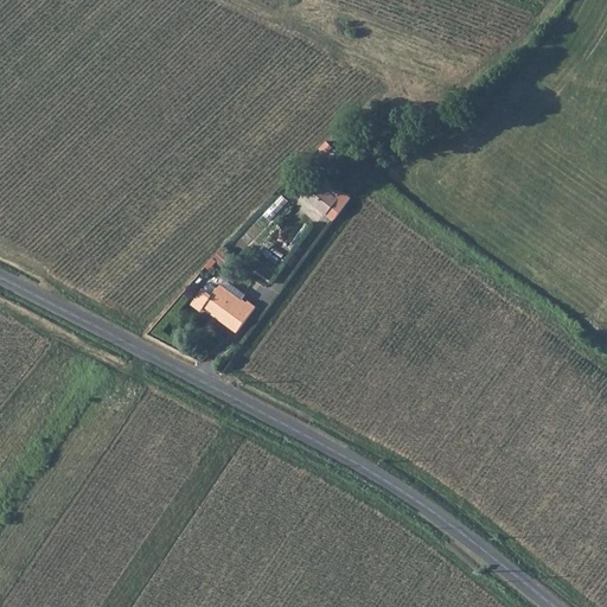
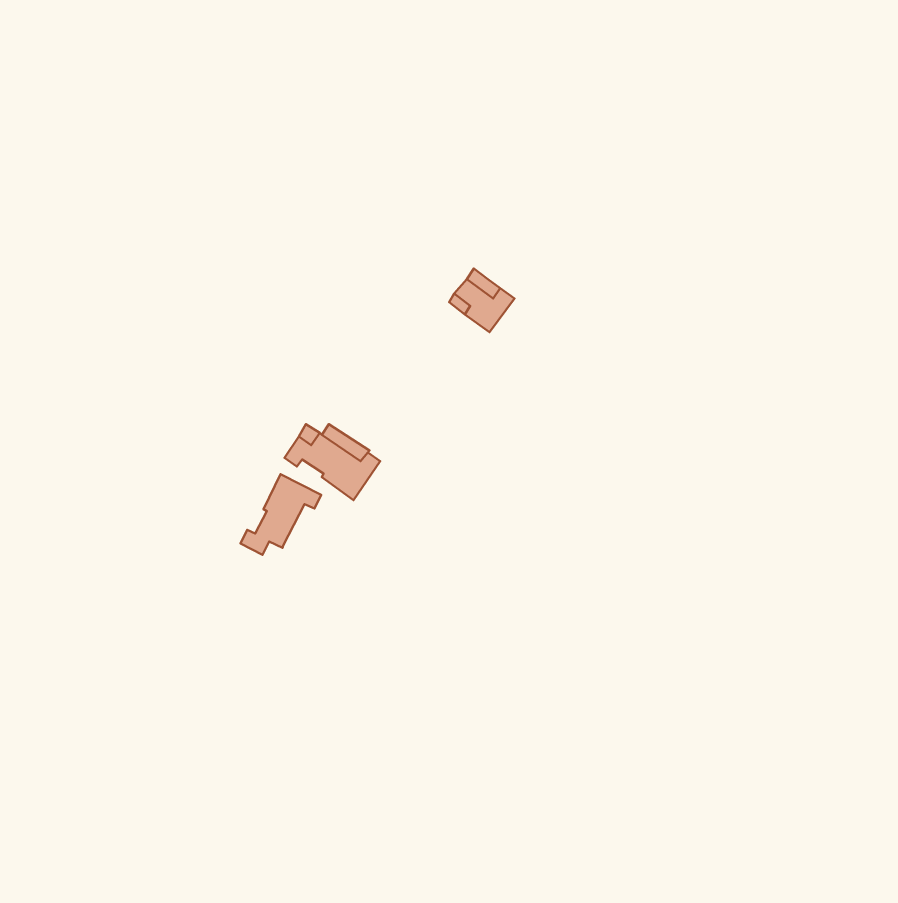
building: none -> [241,474,321,555]

